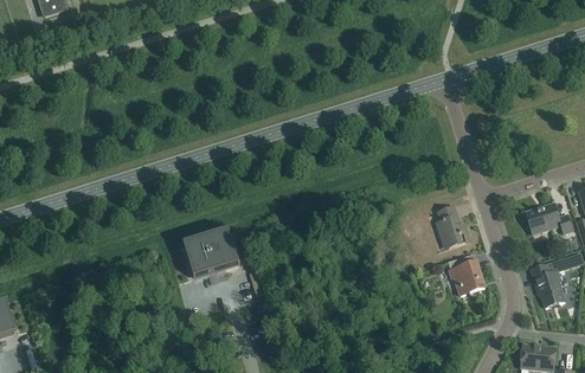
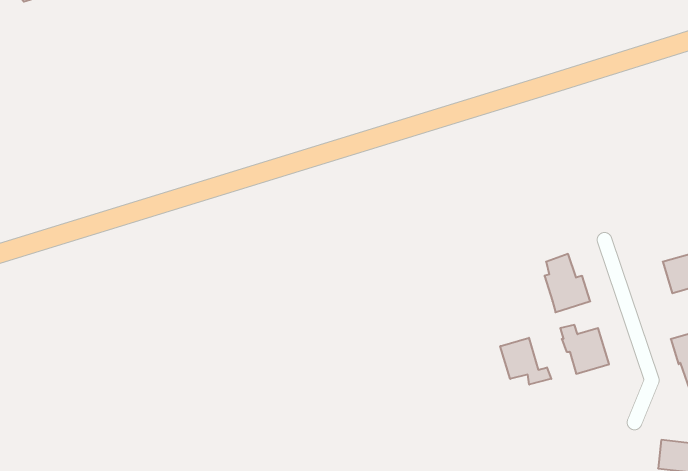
building: [186,231,238,276] -> none
building: none -> [500,338,551,385]

